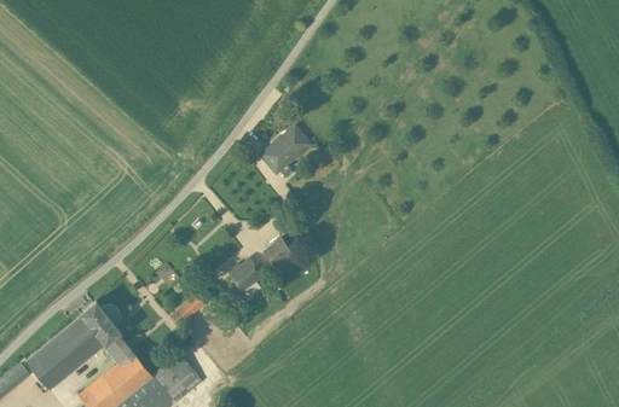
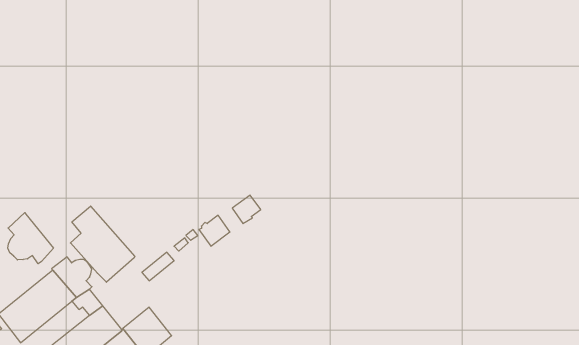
building: [260,127,311,179] -> none
building: none -> [70,206,135,282]
building: none -> [8,213,53,264]

